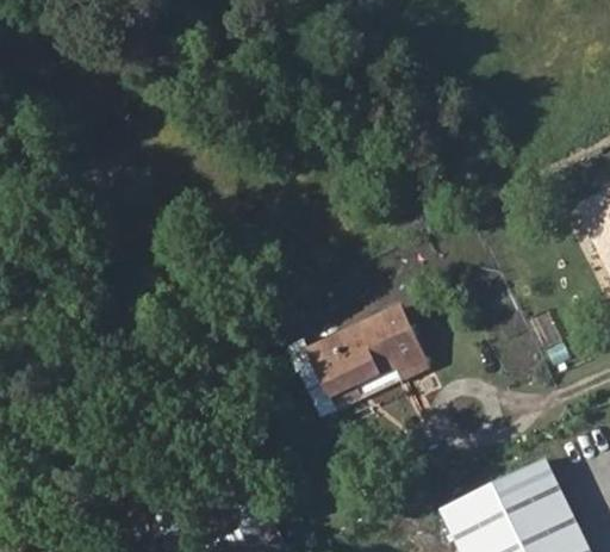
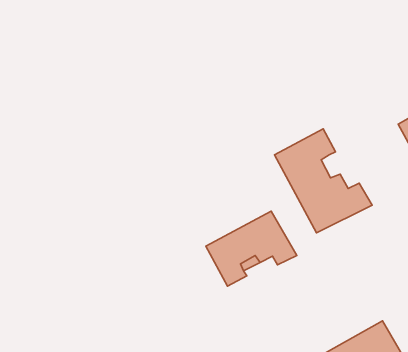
building: none -> [275,129,372,233]

